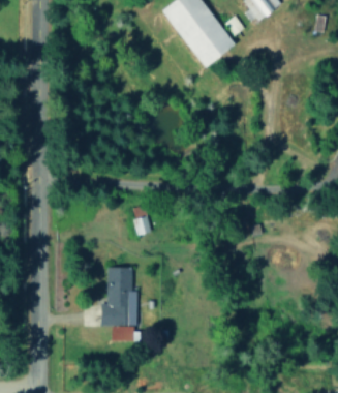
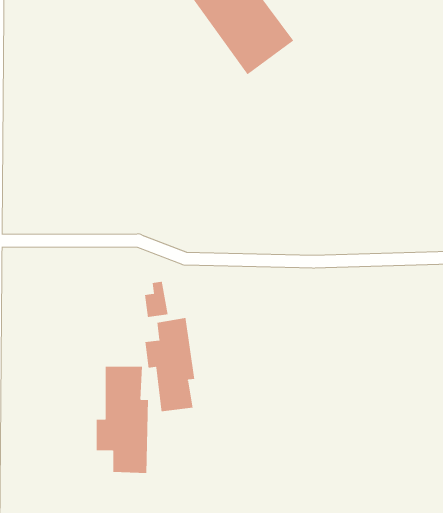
building: none -> [145,317,195,412]

